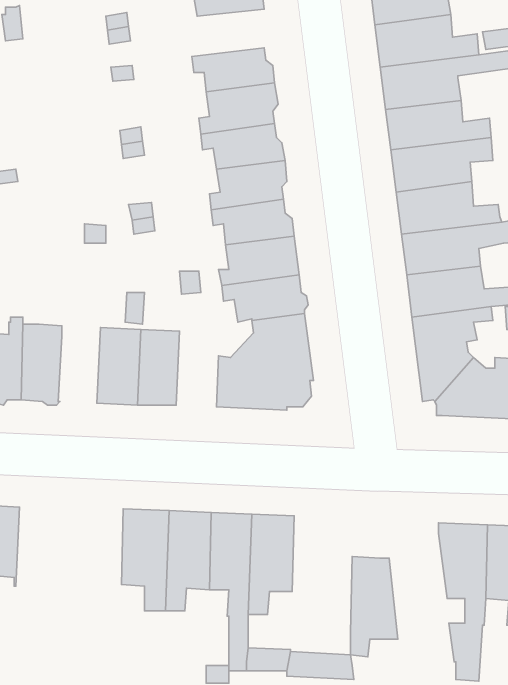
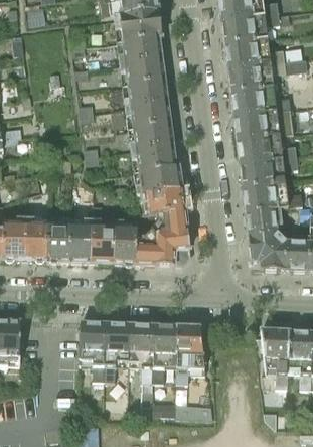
building: none -> [118,34,163,61]
building: none -> [43,215,67,262]
building: none -> [111,218,135,265]
building: [350,556,398,657] -> [177,324,204,382]

